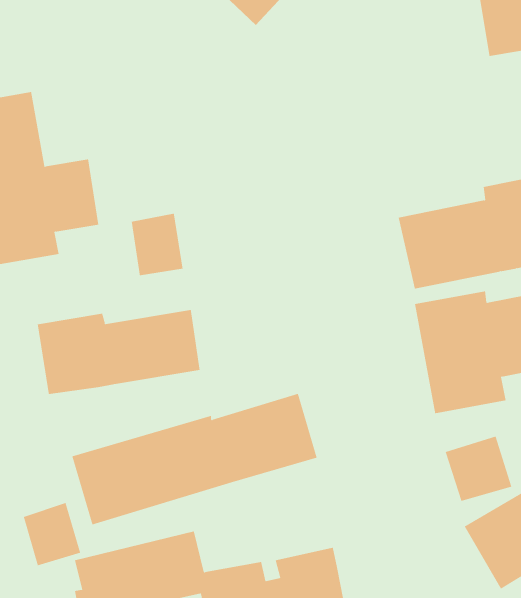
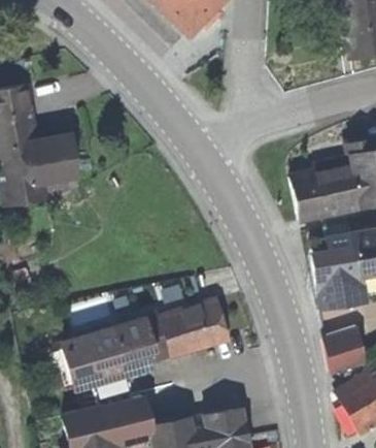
building: [131,213,183,276] -> none
building: [37,309,200,395] -> none
building: [23,502,81,566] -> none

